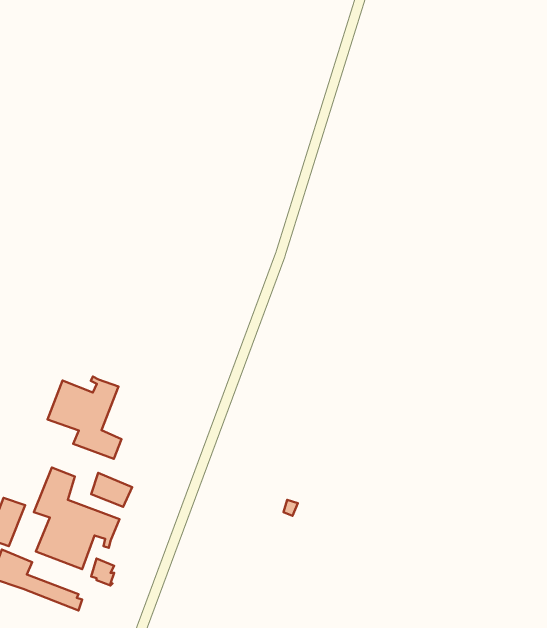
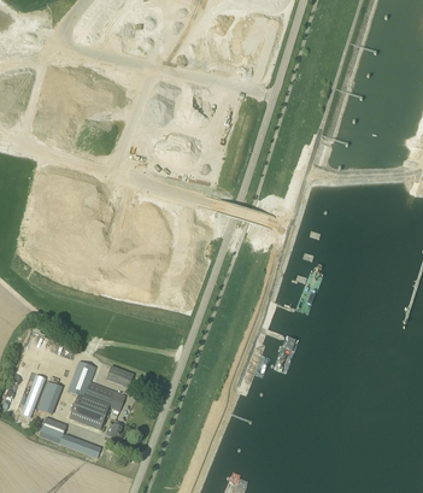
building: [47,377,121,459] -> none

